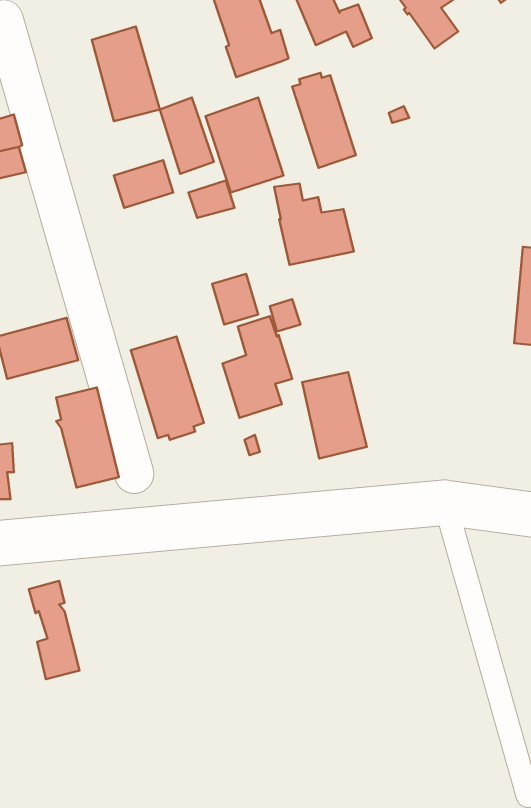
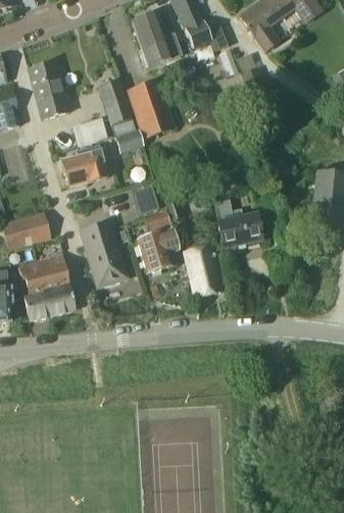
building: [92,26,160,121] -> [28,61,68,118]
building: [292,73,356,168] -> none
building: [274,184,354,265] -> [214,200,262,249]
building: none -> [61,145,107,187]
building: [29,581,80,679] -> [18,260,49,319]

